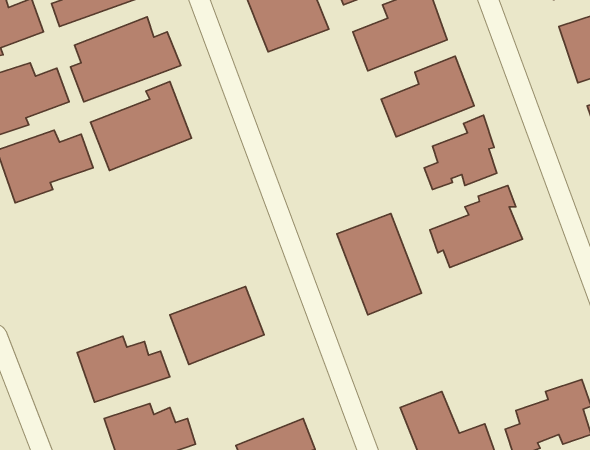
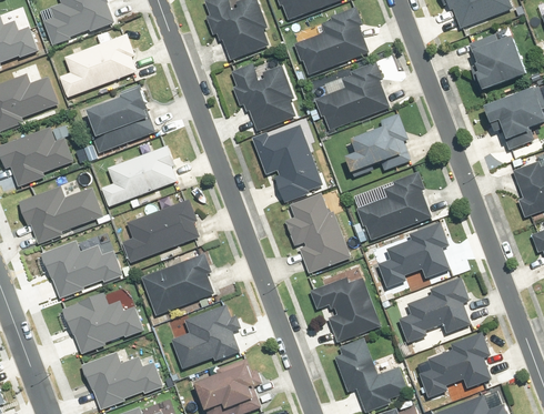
building: none -> [225,55,300,135]
building: none -> [252,125,321,204]
building: none -> [98,147,179,209]
building: none -> [20,185,100,246]
building: none -> [120,202,203,266]
building: none -> [379,224,451,287]
building: none -> [43,239,120,293]
building: none -> [310,273,383,346]
building: none -> [397,273,469,337]
building: none -> [165,307,239,375]

